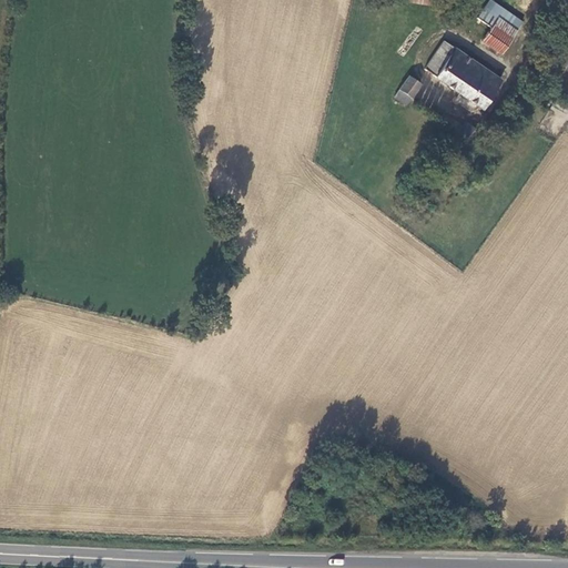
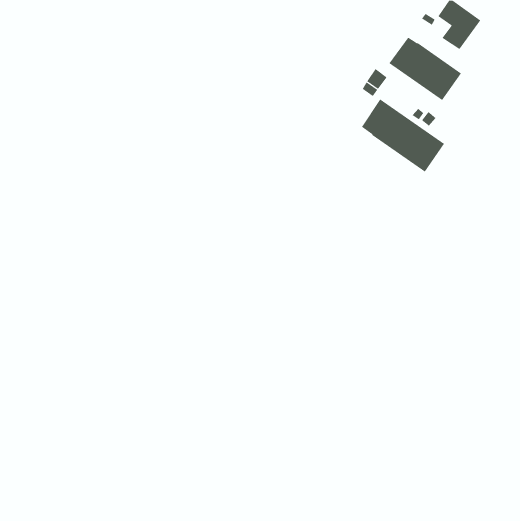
building: none -> [361,98,445,173]

